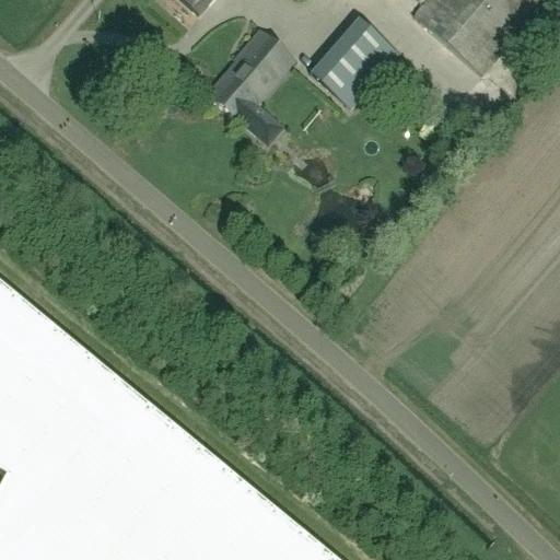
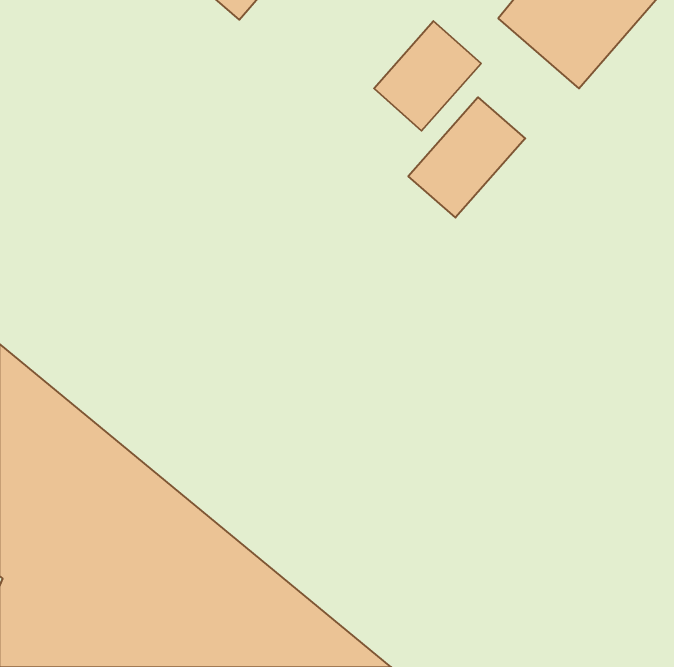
building: [206,27,294,143] -> none
building: none -> [408,97,525,218]

